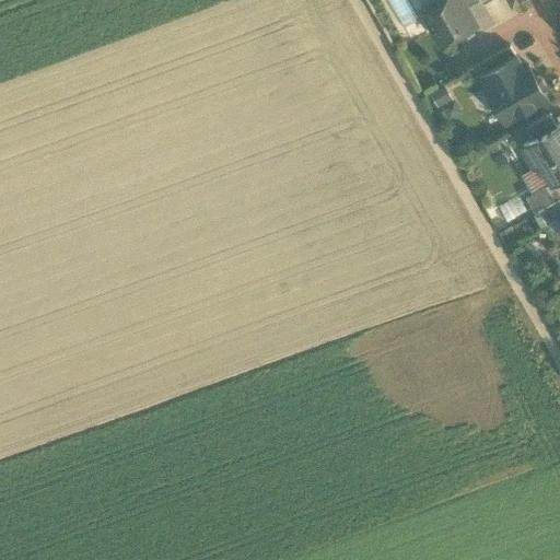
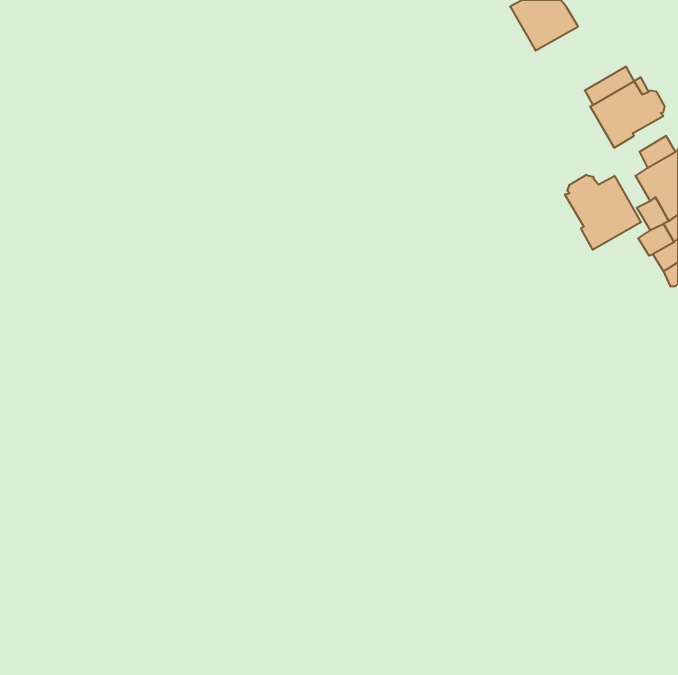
building: none -> [565,175,641,250]

